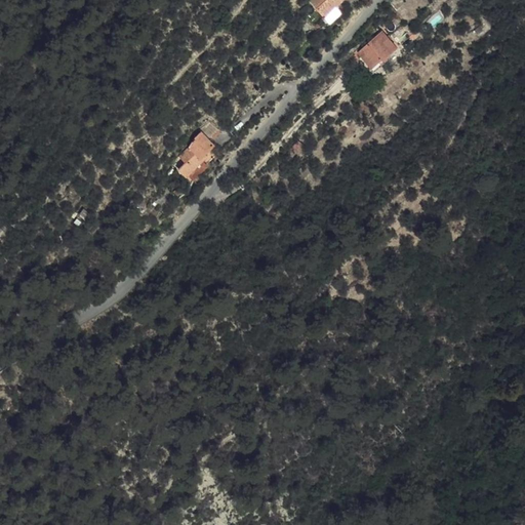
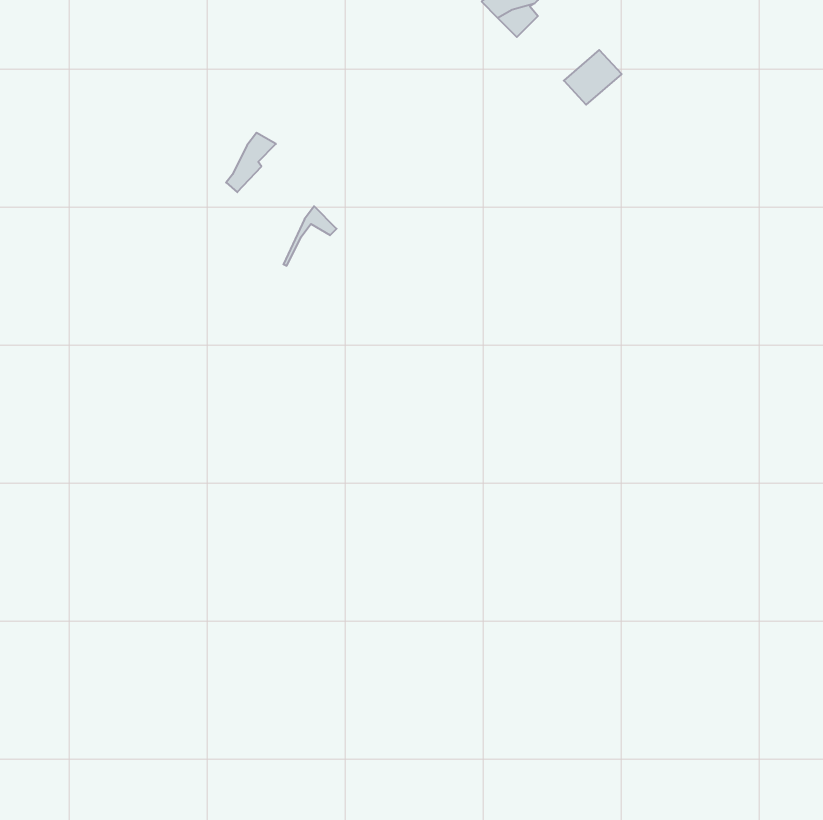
building: [178,143,210,180] -> [226,133,276,192]

